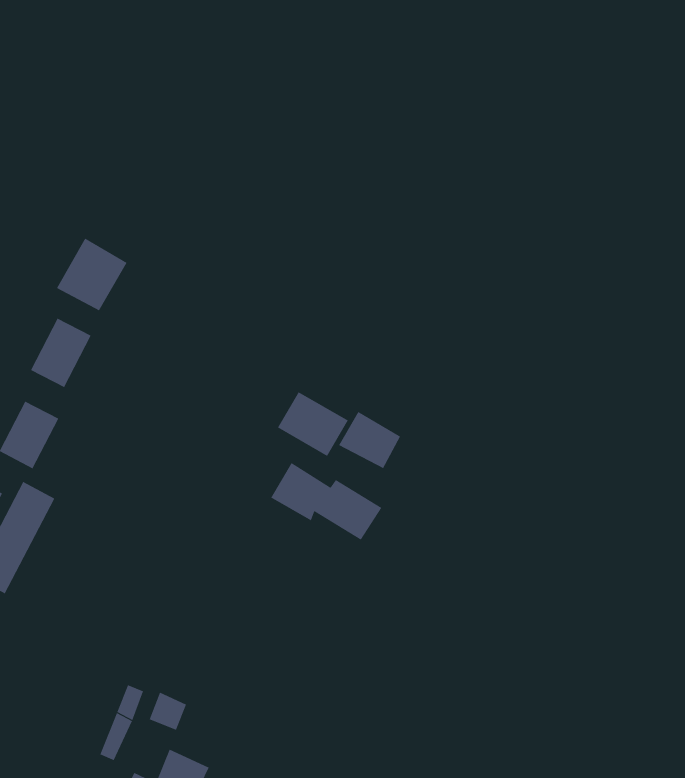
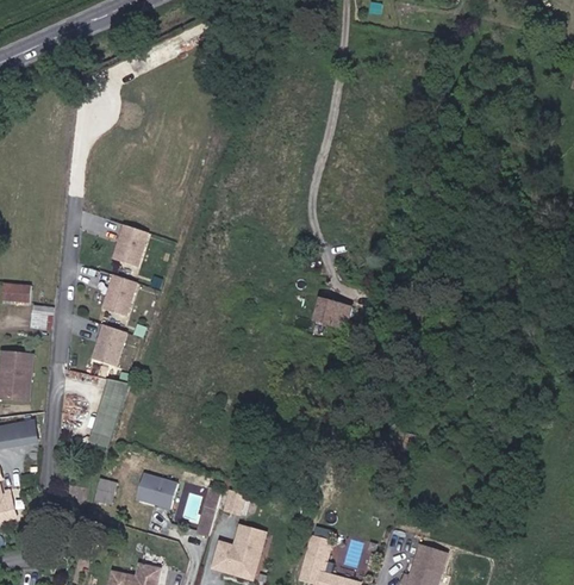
building: [277,391,349,457] -> none
building: [270,462,382,541] -> none
building: none -> [127,475,168,510]

